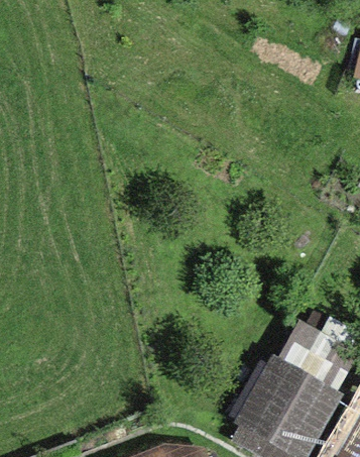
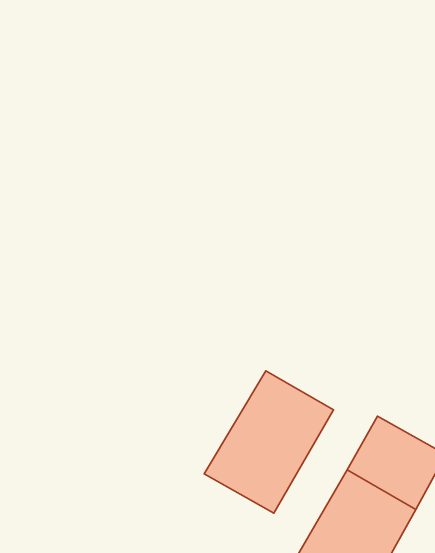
building: none -> [204,371,334,513]

